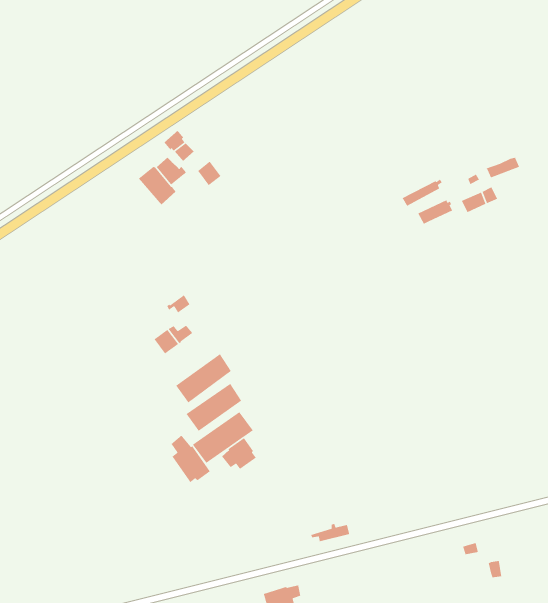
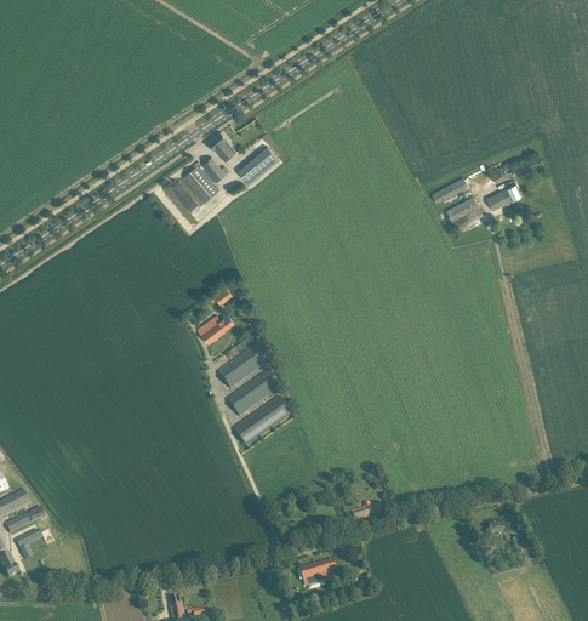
building: [171,435,211,483] -> none
building: [221,437,257,470] -> none

